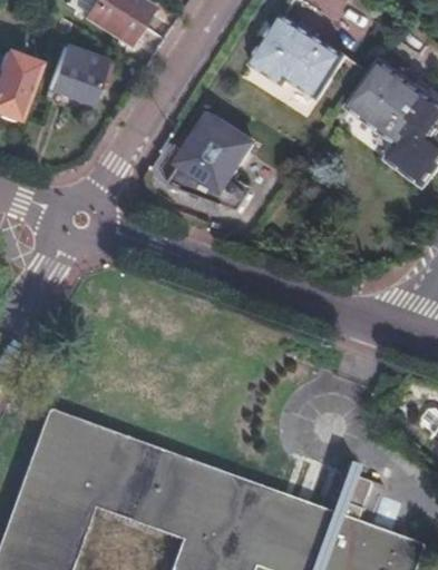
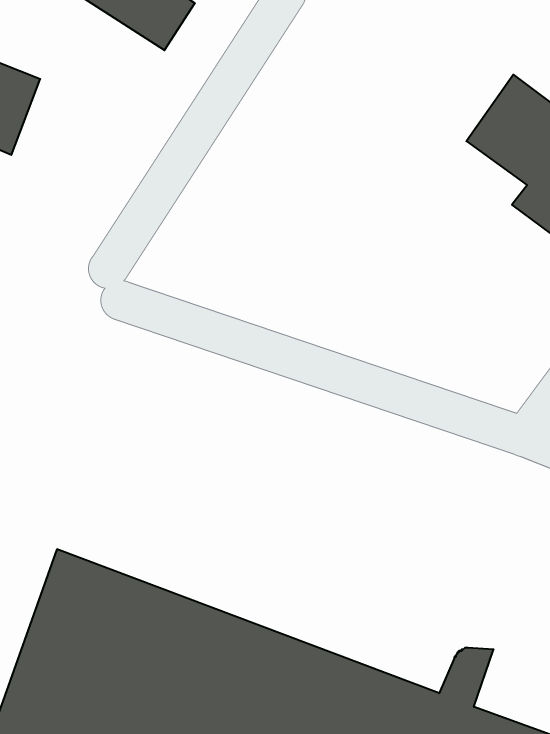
building: [245,20,344,108] -> none
building: [50,43,104,99] -> none
building: [163,125,249,219] -> none

